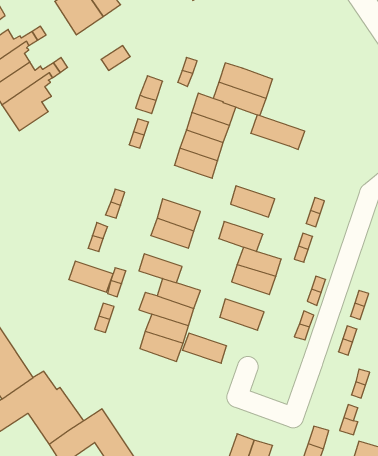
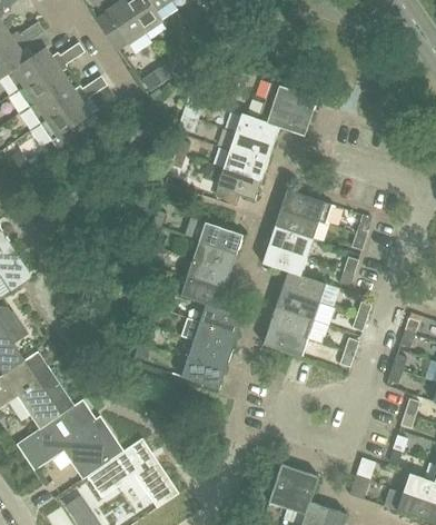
building: [251,115,305,149] -> [280,190,336,226]
building: none -> [268,228,314,259]
building: [69,261,113,292] -> [186,260,231,293]
building: [182,333,227,363] -> [269,308,315,339]

